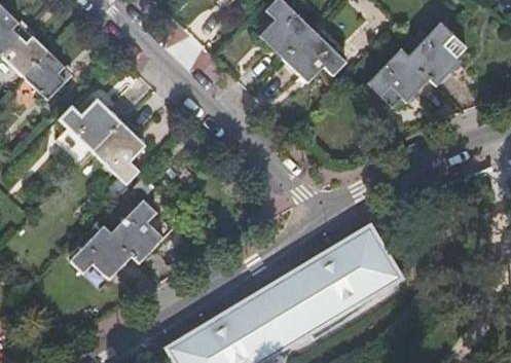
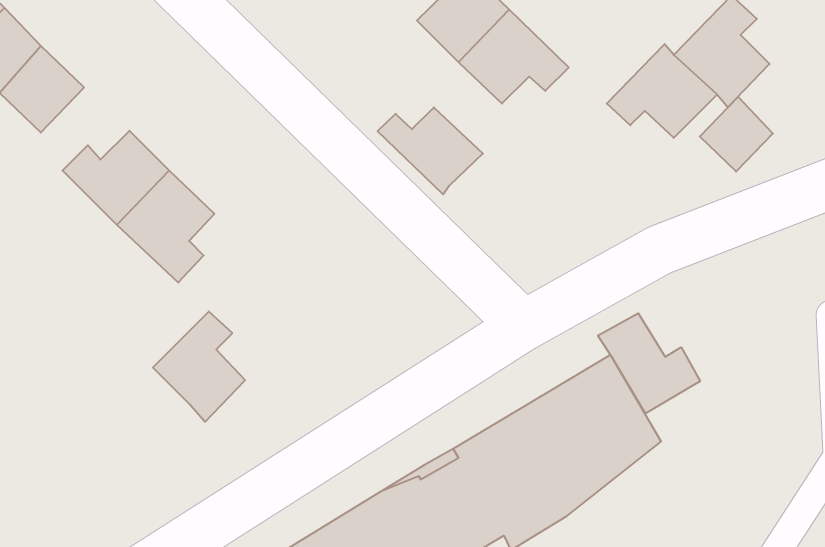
building: none -> [700,97,773,172]
building: none -> [378,107,483,194]
building: none -> [598,313,700,414]
building: [68,225,132,279] -> none

